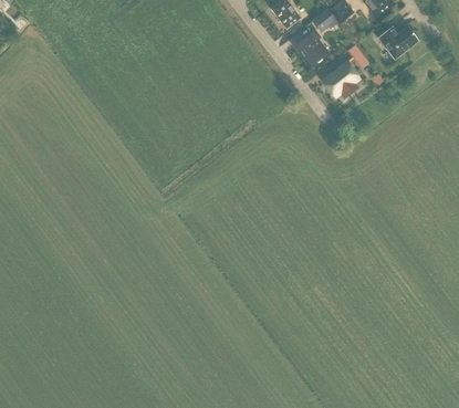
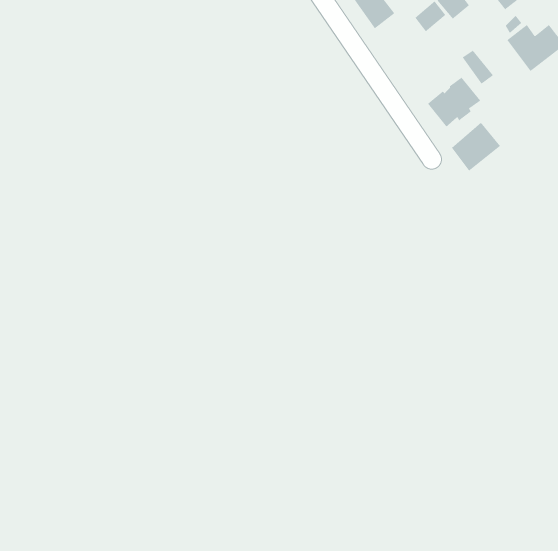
building: [296,30,328,65] -> none
building: none -> [451,122,501,171]

